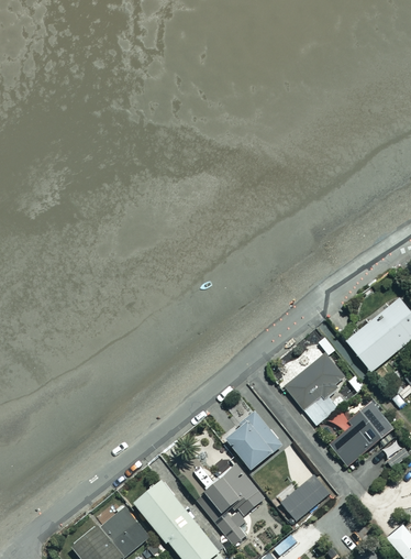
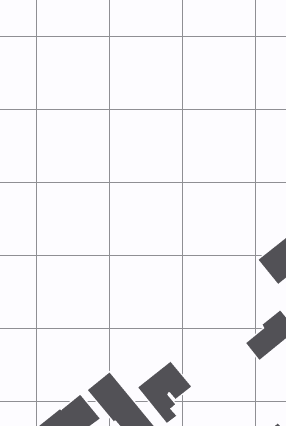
building: [282,352,344,425] -> none
building: [226,410,282,471] -> none
building: [280,474,329,520] -> none

